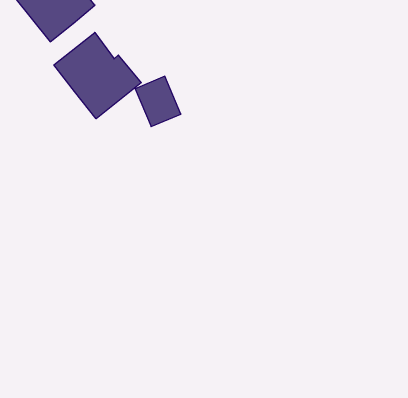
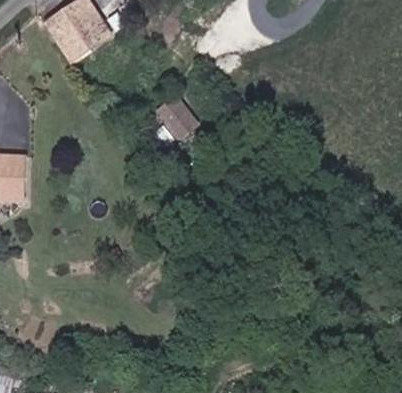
building: [54,32,141,119] -> none

